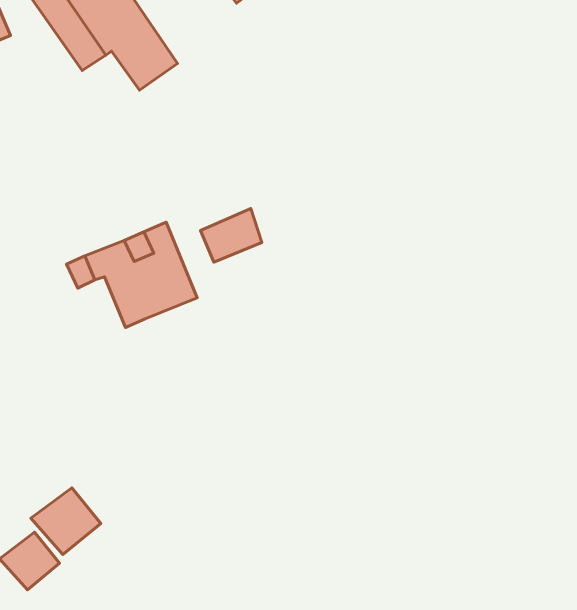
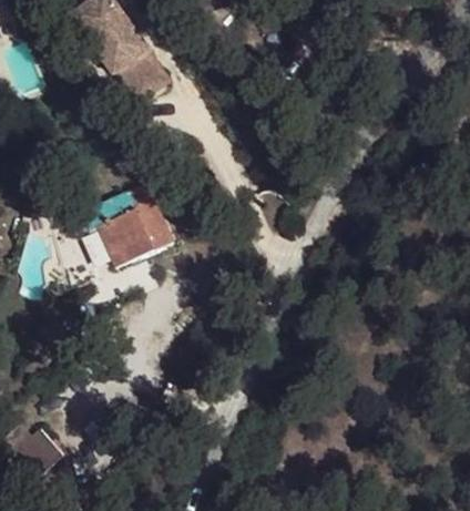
building: [201,208,262,262] -> none
building: [31,488,101,554] -> none

